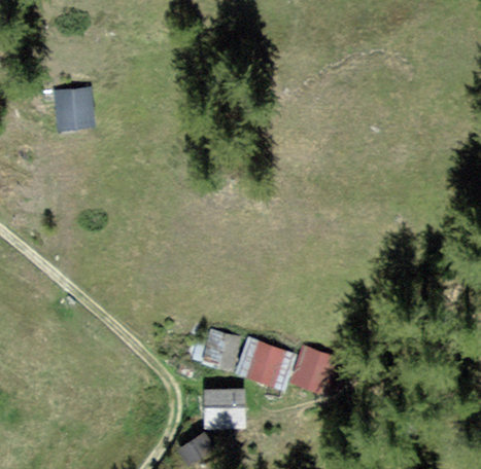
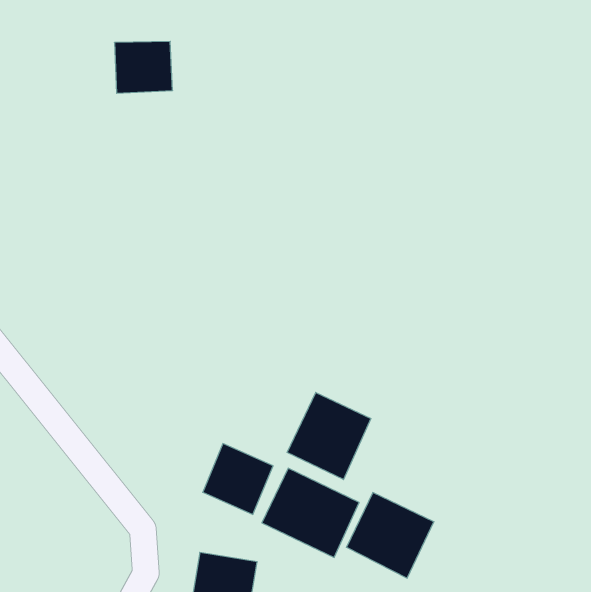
building: [54,91,93,127] -> [114,41,173,93]
building: none -> [287,392,371,480]

